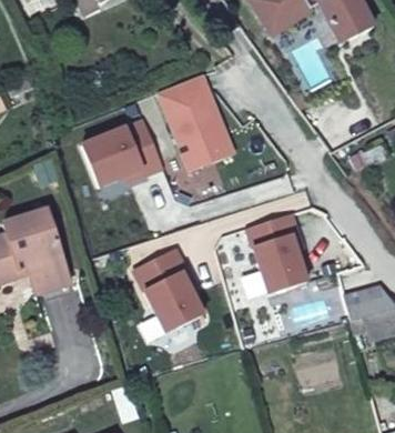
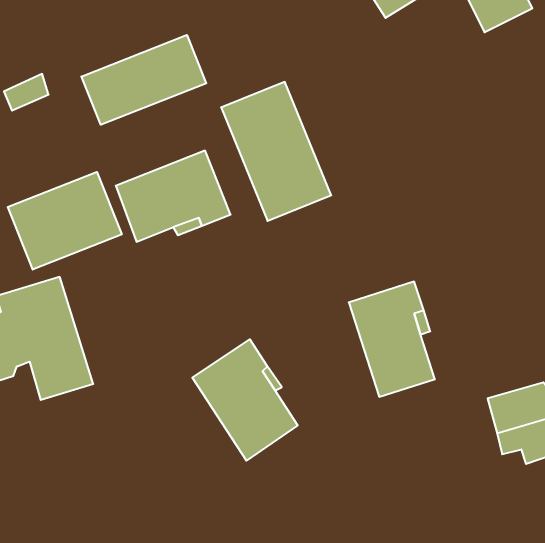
building: none -> [81,35,206,125]
building: none -> [8,172,122,270]

